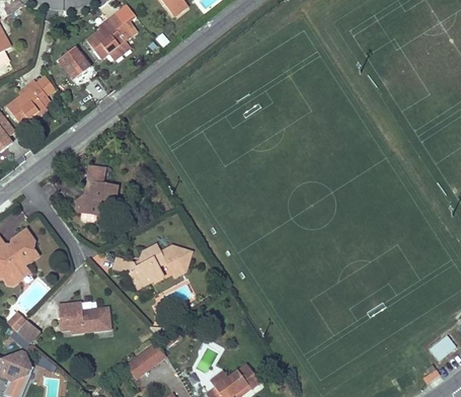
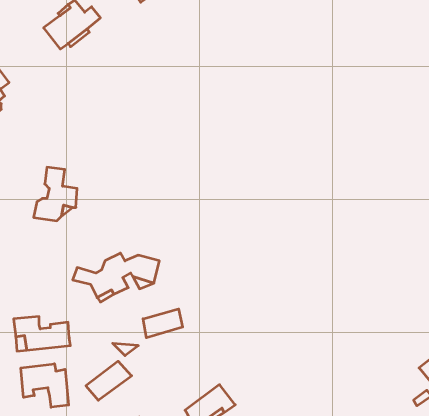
building: [59,48,90,80] -> none
building: none -> [143,309,183,338]
building: none -> [21,364,69,407]

